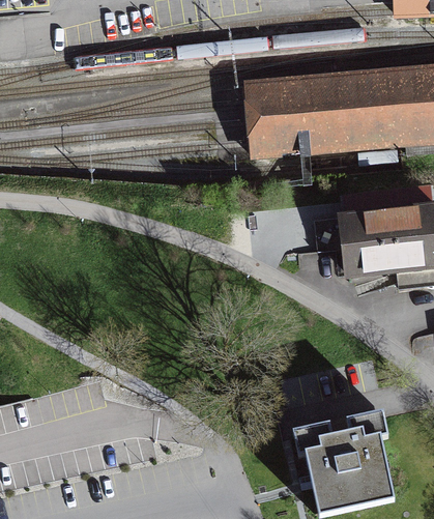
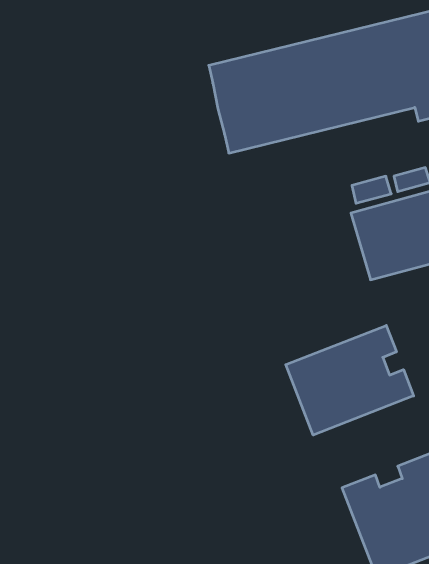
building: none -> [286,325,414,435]

